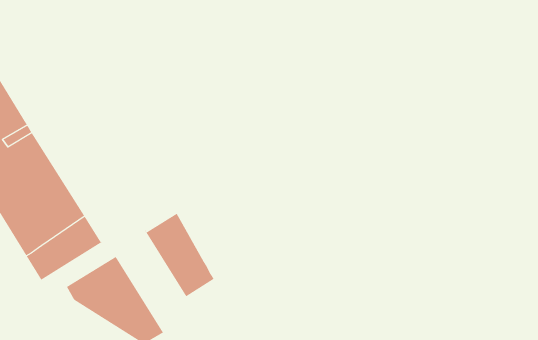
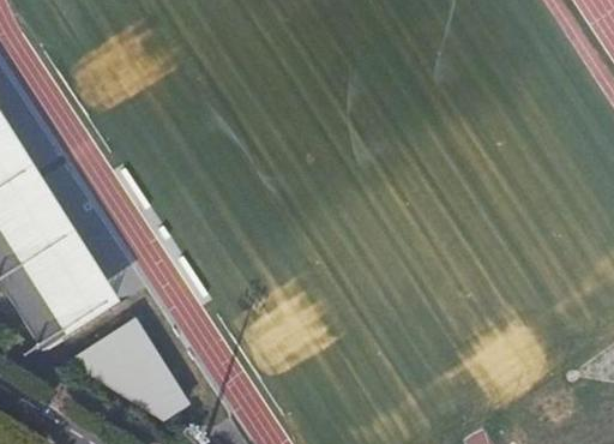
building: [139,213,215,297] -> none

